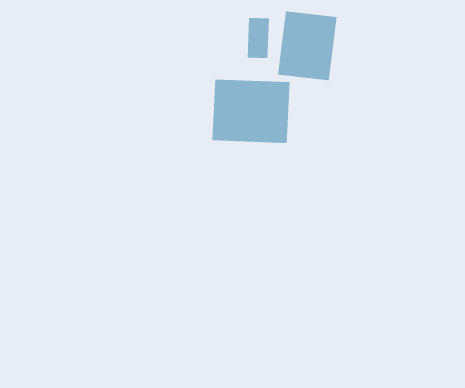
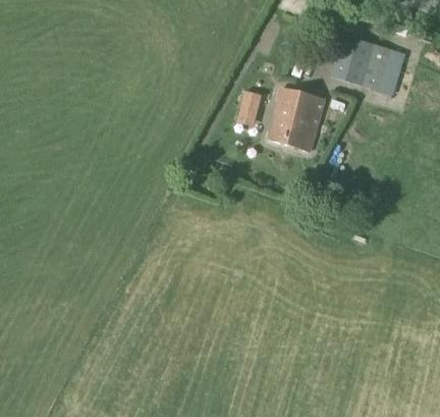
building: [212,79,290,144] -> none

